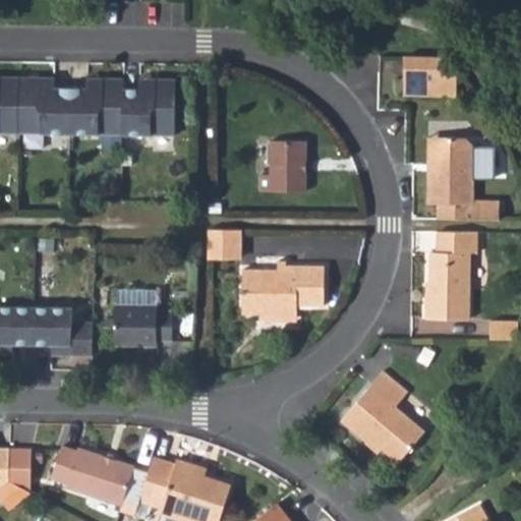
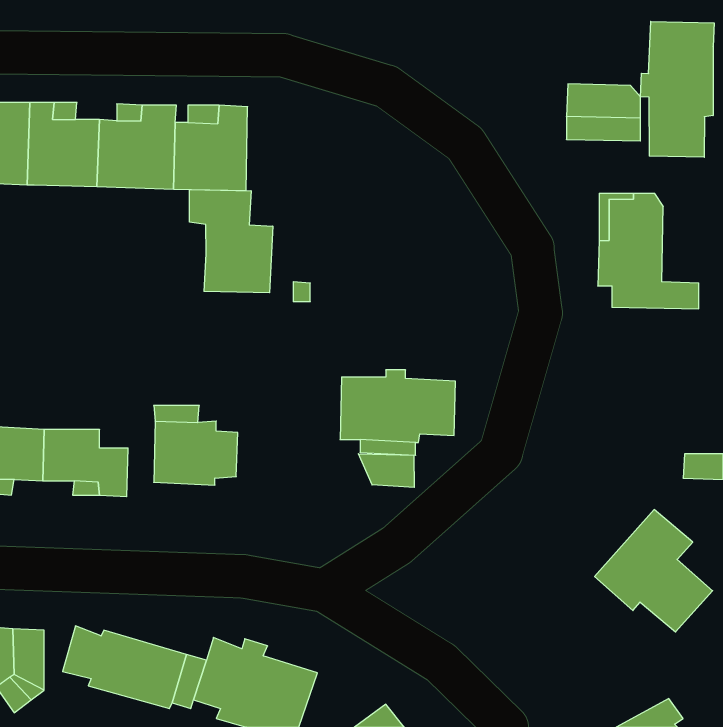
building: none -> [640,21,714,157]
building: [255,135,308,188] -> none
building: none -> [189,190,273,293]
building: [209,230,243,259] -> none
building: [421,234,476,319] -> none
building: none -> [358,454,414,487]
building: [335,371,419,459] -> [595,510,713,632]

